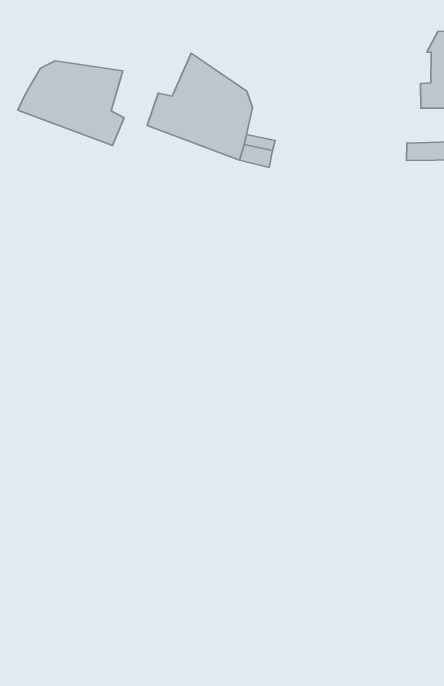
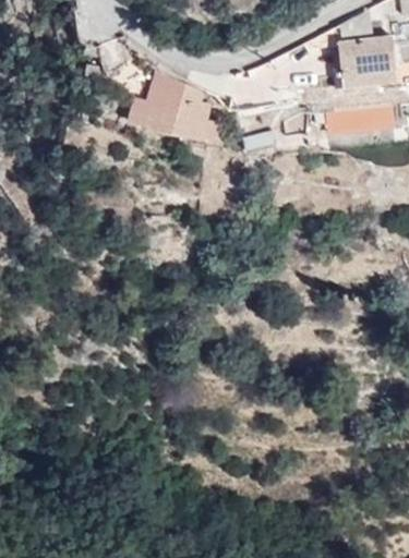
building: [18,61,124,146] -> none

